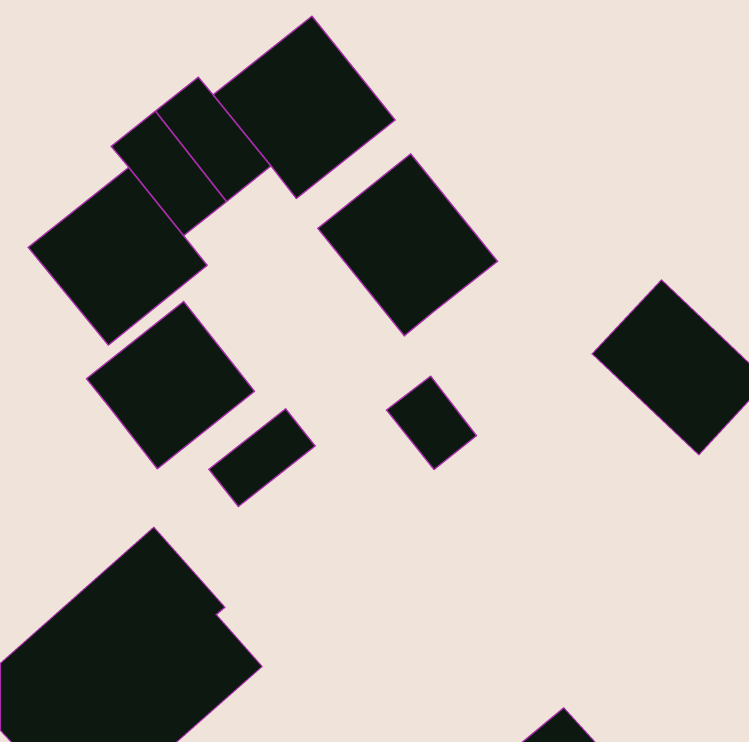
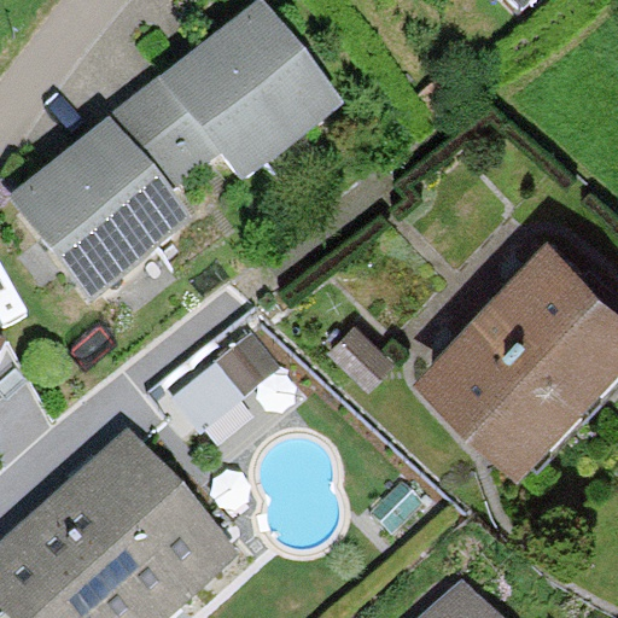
building: [318,154,498,336] -> none
building: [86,301,254,469] -> none
building: none -> [431,301,576,443]

